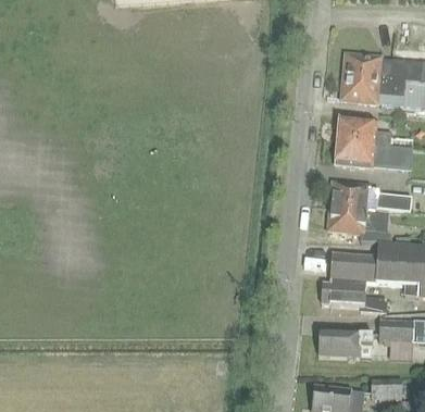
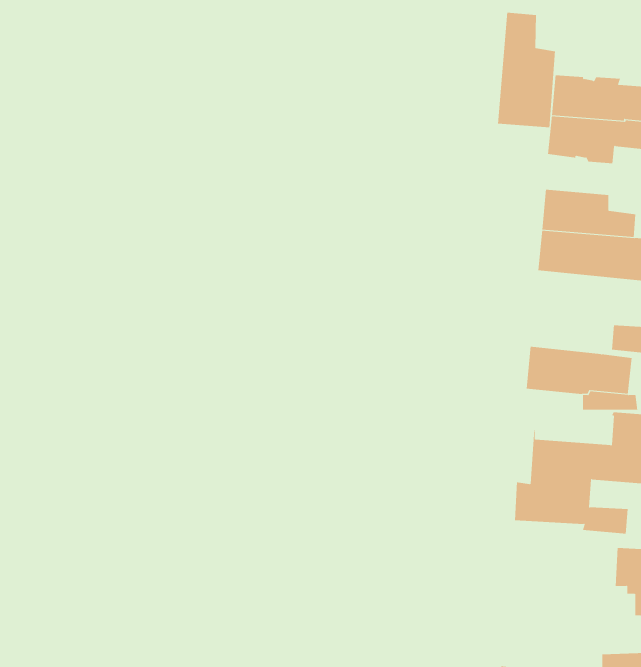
building: none -> [497,12,556,128]
building: [330,182,378,210] -> none
building: [317,330,372,357] -> none

